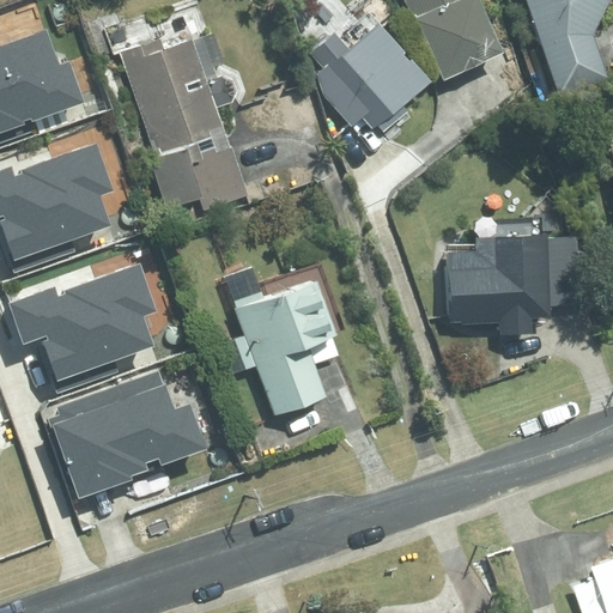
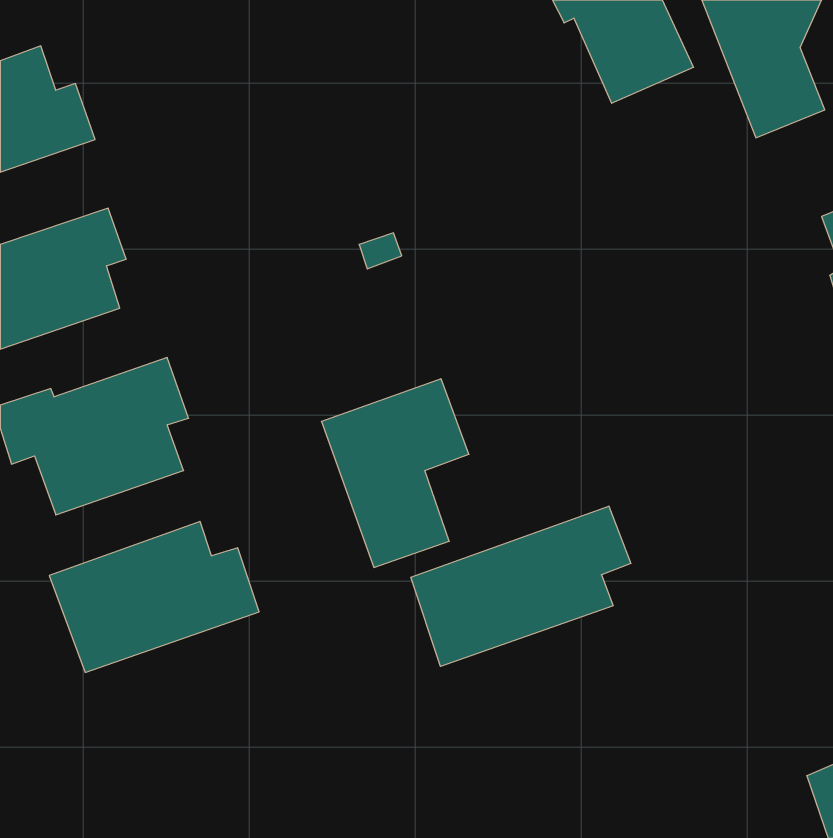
building: [312,29,431,129] -> none
building: [122,35,251,212] -> none
building: [450,237,578,334] -> none
building: none -> [411,506,631,666]

